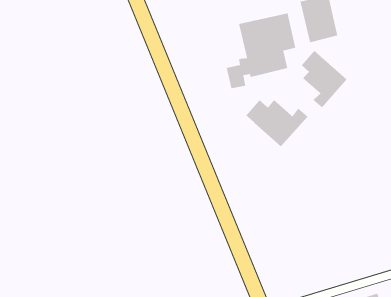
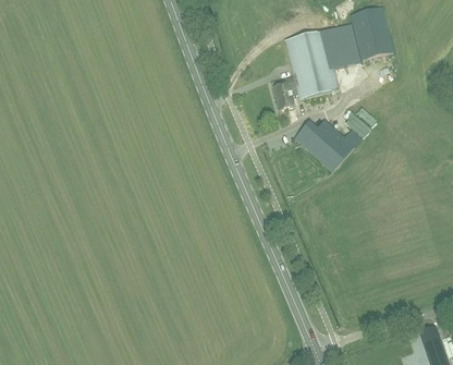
building: [301,50,348,109] -> none

